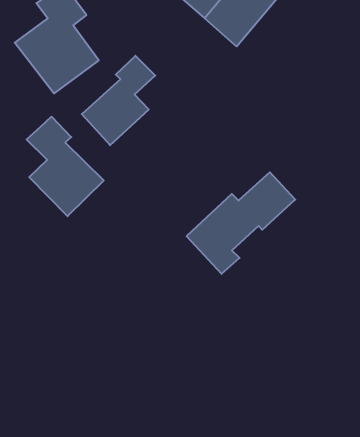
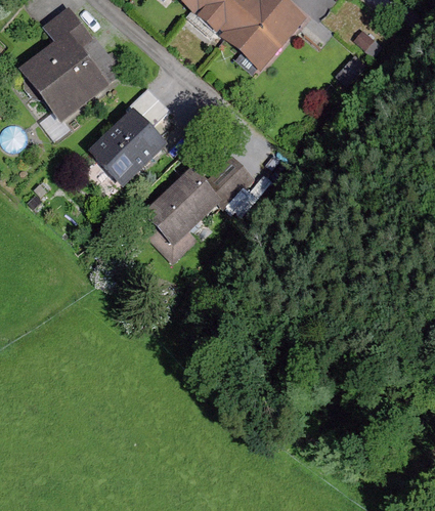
building: [27,117,104,216] -> none
building: [187,172,295,274] -> [140,145,258,256]

